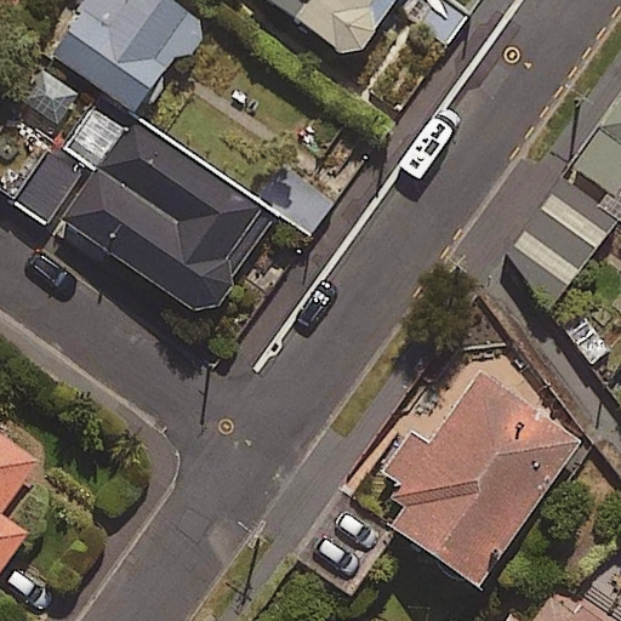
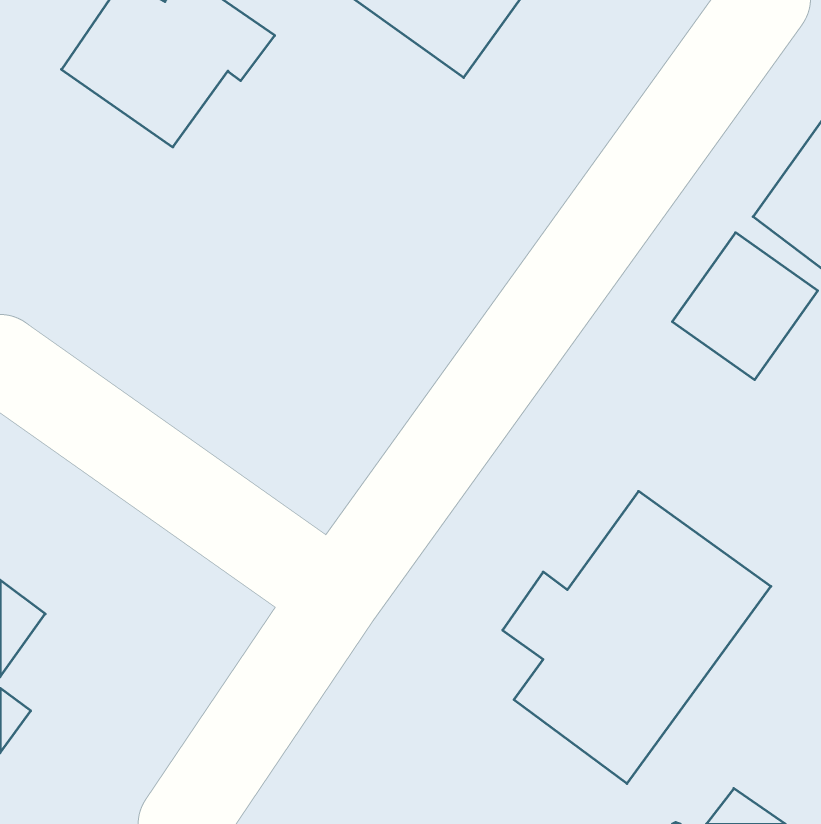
building: [25,93,275,318] -> none

